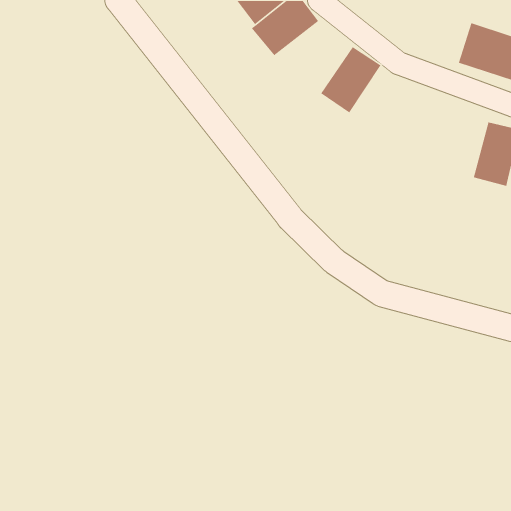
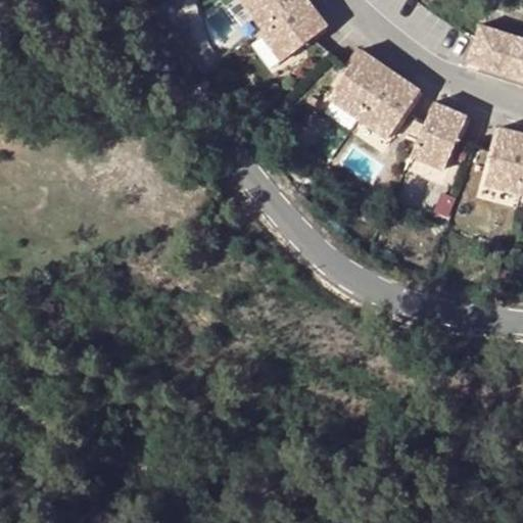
building: none -> [358,68,420,138]
building: none -> [411,101,466,169]

